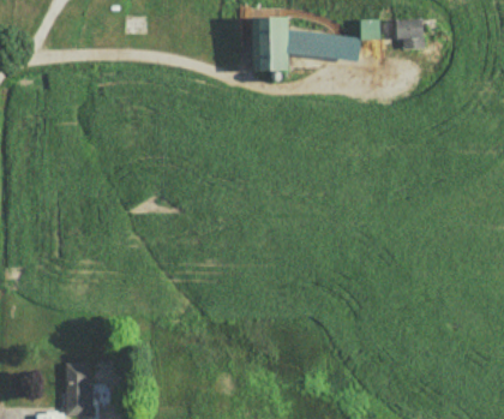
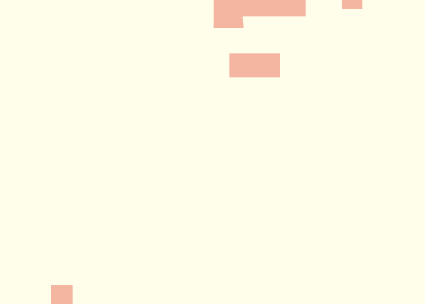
building: none -> [229,53,281,78]

